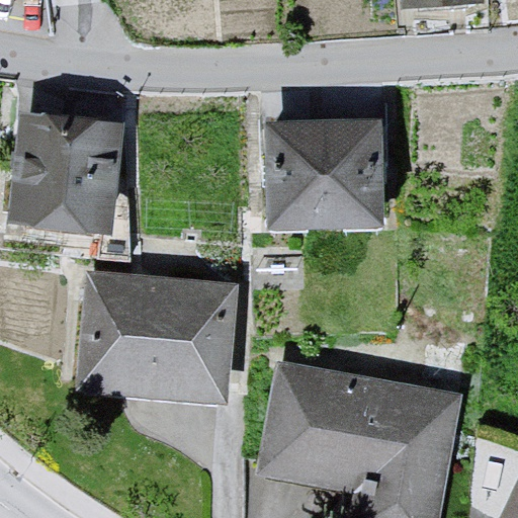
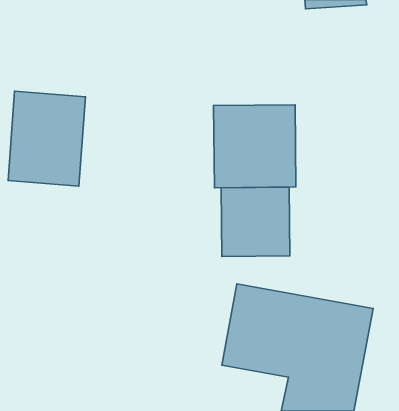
building: none -> [221,187,290,257]
building: [78,274,231,404] -> none

